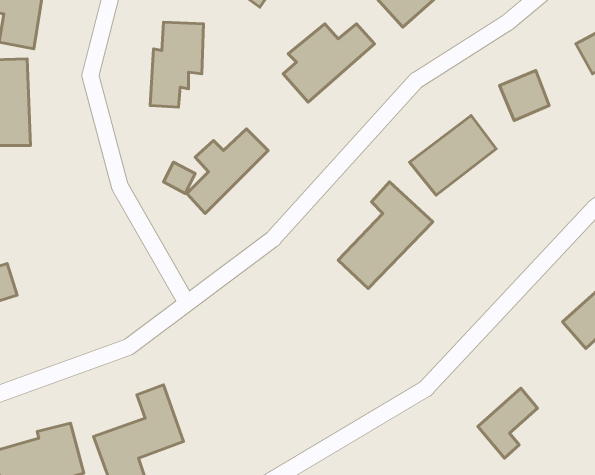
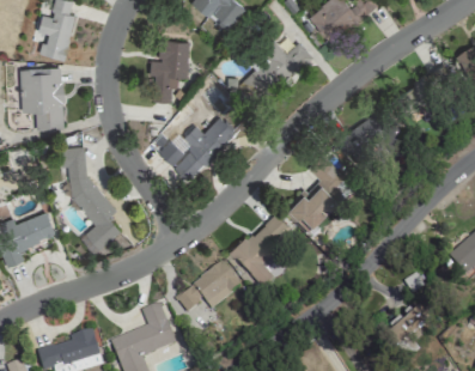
building: none -> [61,146,121,251]
building: none -> [231,212,293,287]
building: none -> [176,261,240,312]

